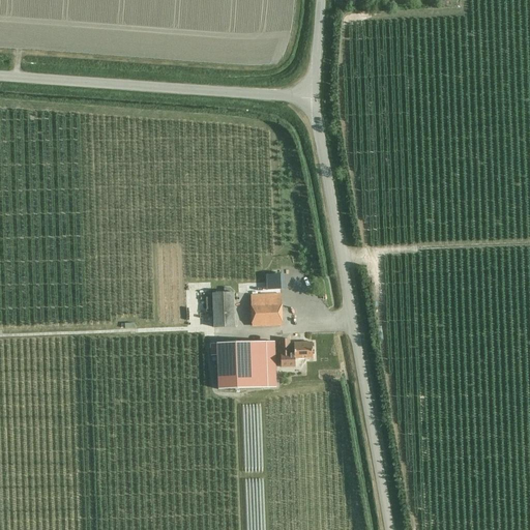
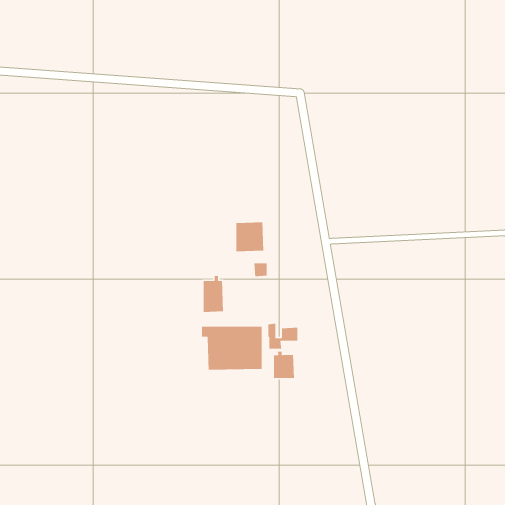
building: [249,293,279,325] -> [235,222,264,252]
building: none -> [273,351,295,379]

